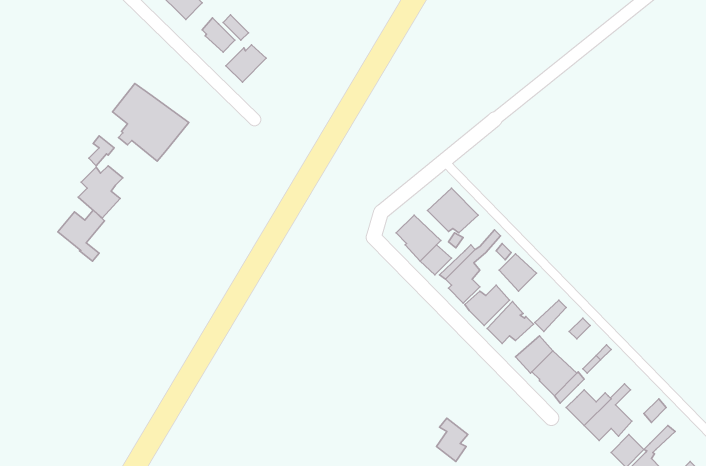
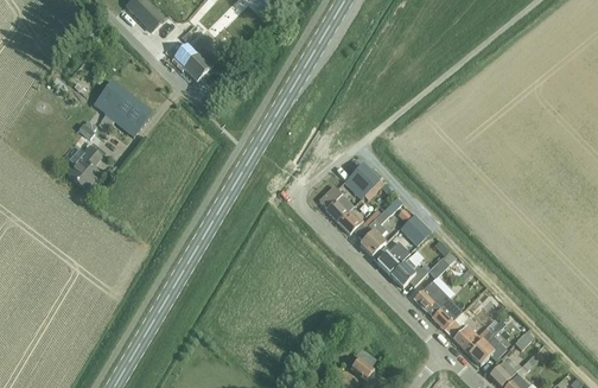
building: [58,210,105,261] -> none

